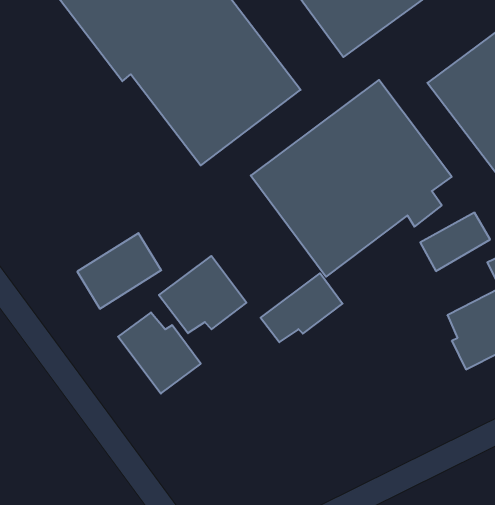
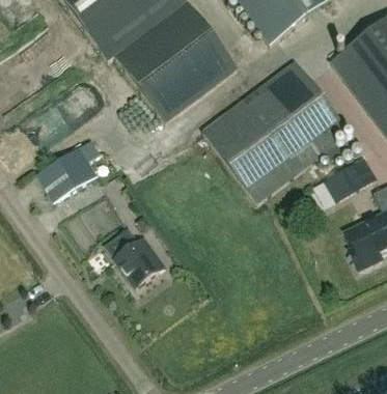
building: [77,233,161,309] -> [36,147,98,202]
building: [159,256,246,333] -> none
building: [261,273,343,342] -> none

